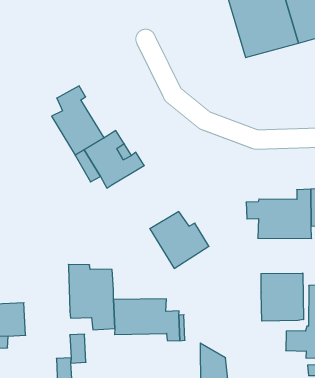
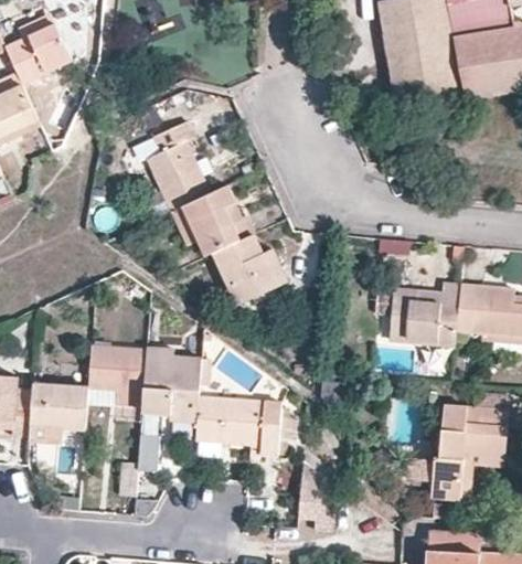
building: [150,212,209,268] -> [213,234,285,305]
building: none -> [87,345,148,404]
building: [261,273,304,321] -> none

